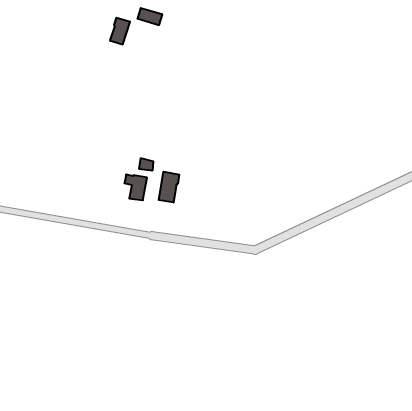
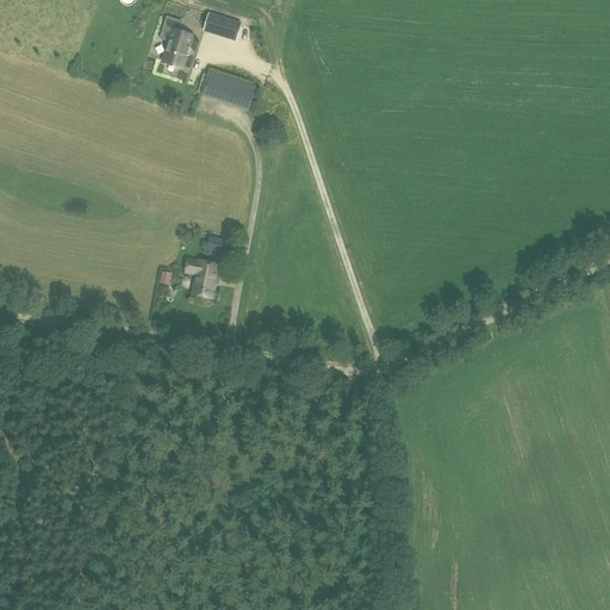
building: none -> [203,71,255,107]
building: [159,172,179,203] -> none

